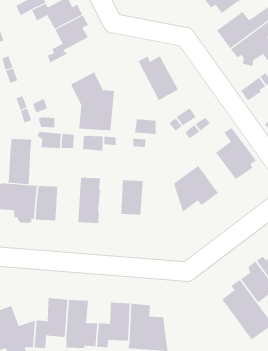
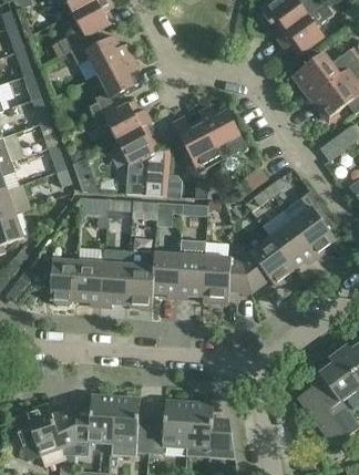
building: none -> [93,100,152,140]
building: none -> [172,112,223,168]
building: [8,138,32,185] -> [101,249,130,304]
building: none -> [270,221,315,269]
building: none -> [152,251,180,295]
building: none -> [202,255,252,303]

